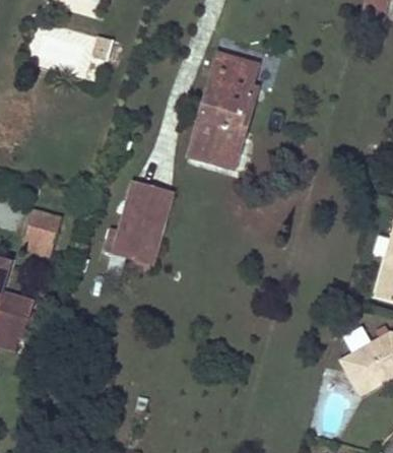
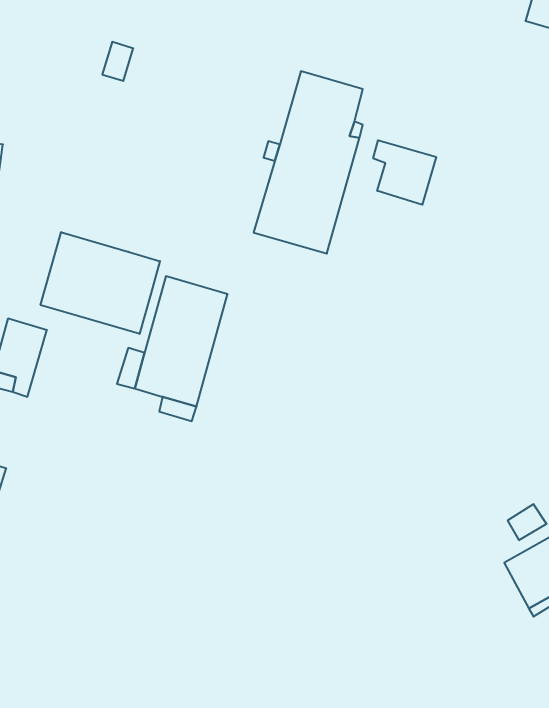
building: none -> [373,140,436,205]
building: none -> [41,232,160,334]

